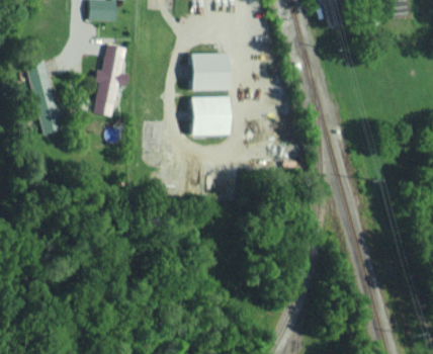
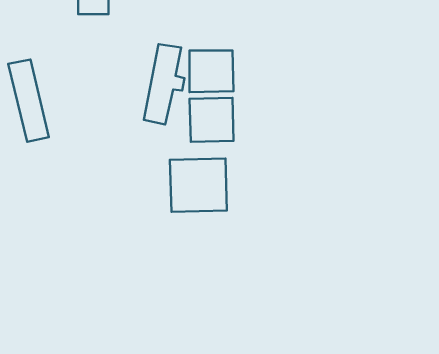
building: [93,45,129,116] -> [144,44,184,124]
building: none -> [170,159,227,212]

